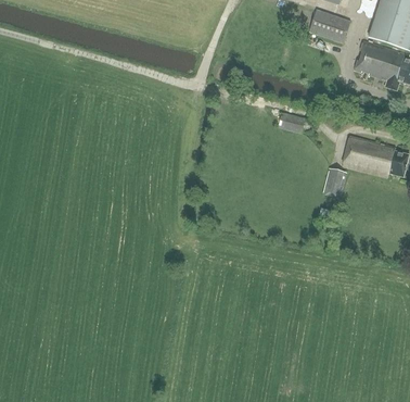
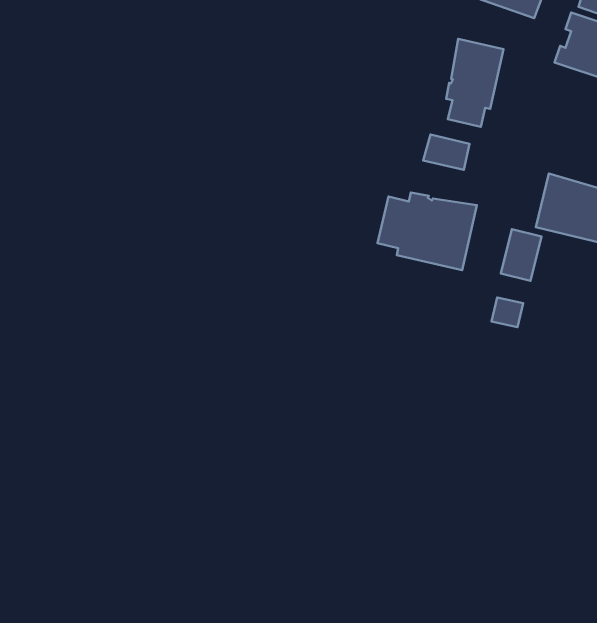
building: none -> [446,39,504,127]
building: none -> [378,193,477,270]

